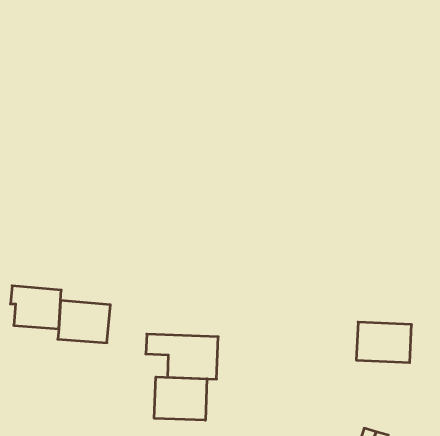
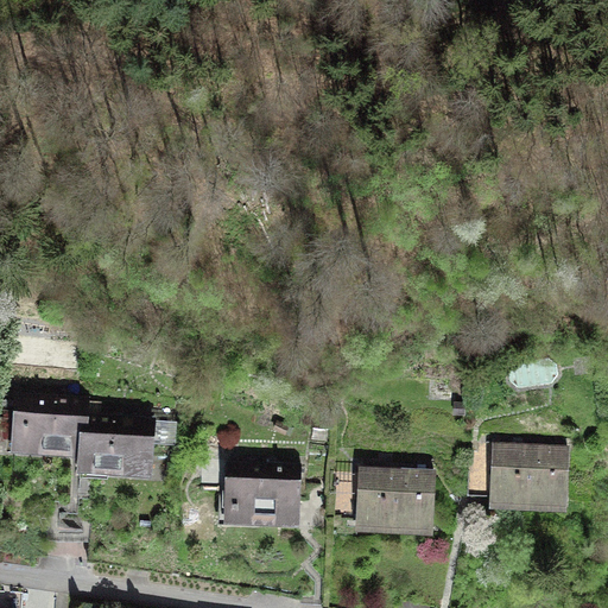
building: none -> [328,474,432,528]
building: [154,377,207,420] -> none

